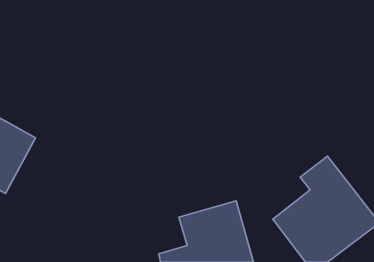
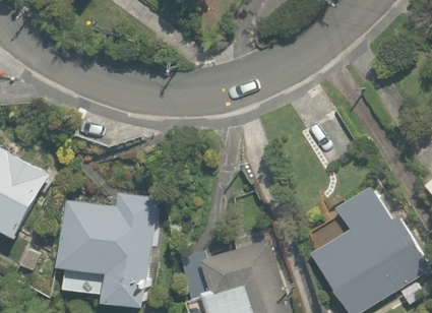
building: none -> [56,189,155,303]

